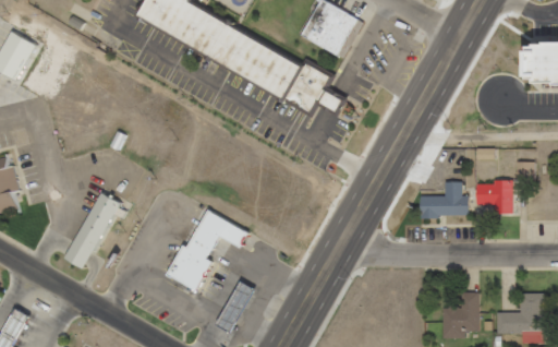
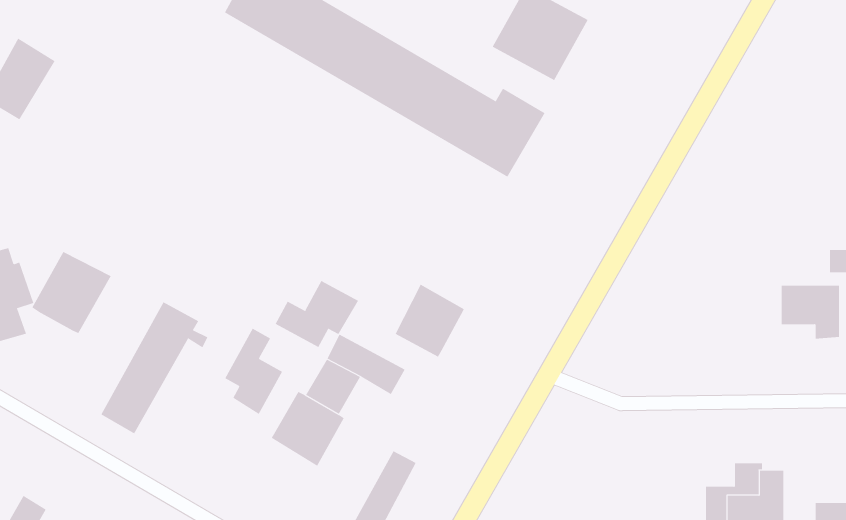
building: none -> [31,251,112,334]
building: none -> [275,280,359,348]
building: none -> [395,284,464,357]
building: [420,182,469,218] -> none
building: none -> [224,328,283,415]

